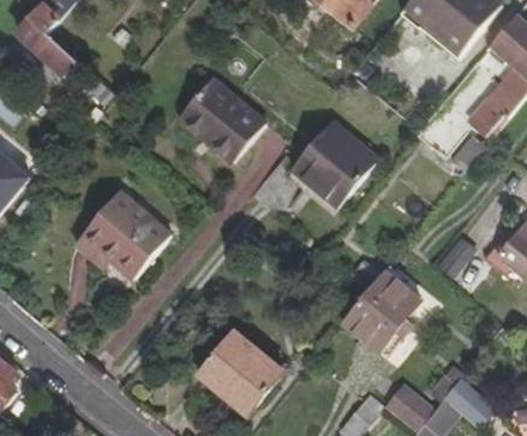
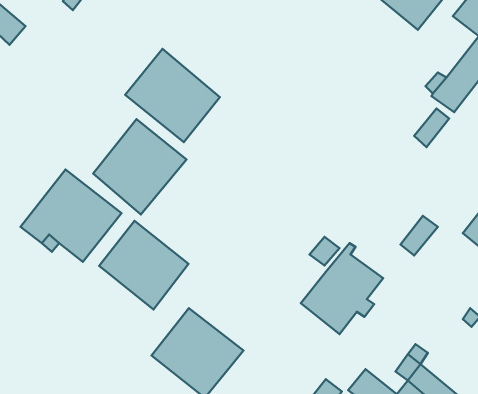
building: [289,119,378,212] -> none
building: none -> [93,119,186,214]
building: none -> [99,221,189,310]

